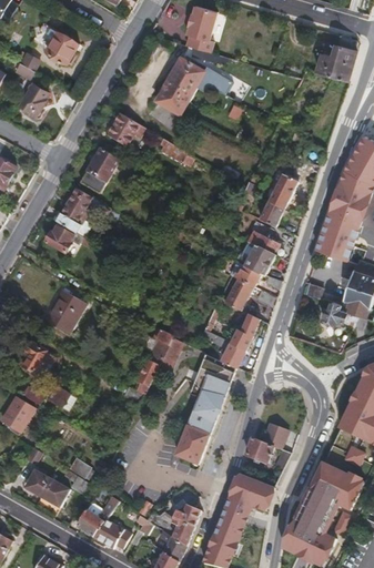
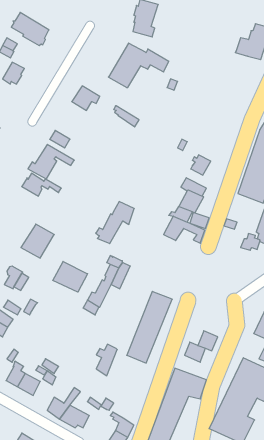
building: [84,148,117,182] -> none
building: [266,174,295,210] -> none
building: [216,314,265,367] -> [96,202,134,244]
building: none -> [53,261,88,292]
building: [171,505,198,545] -> [96,344,117,376]

